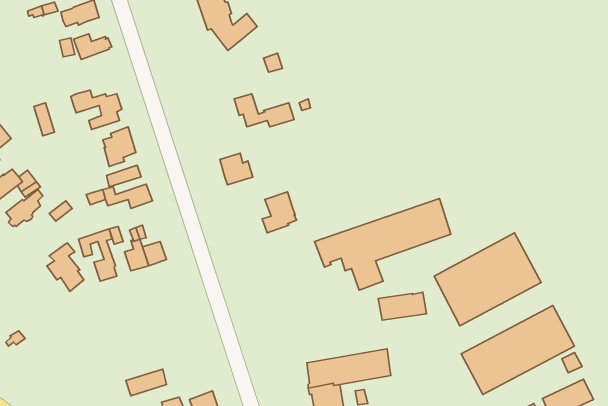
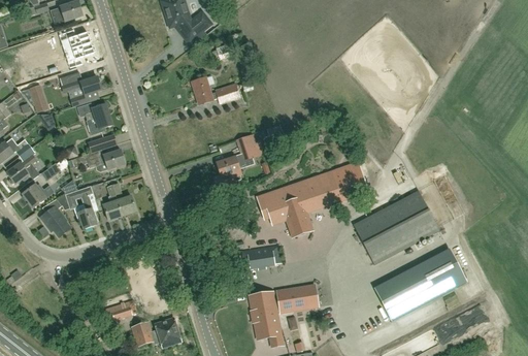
building: none -> [63,40,95,67]
building: [220,153,253,185] -> [236,134,263,160]
building: none -> [22,184,54,207]
building: [378,292,427,320] -> [241,246,280,268]

